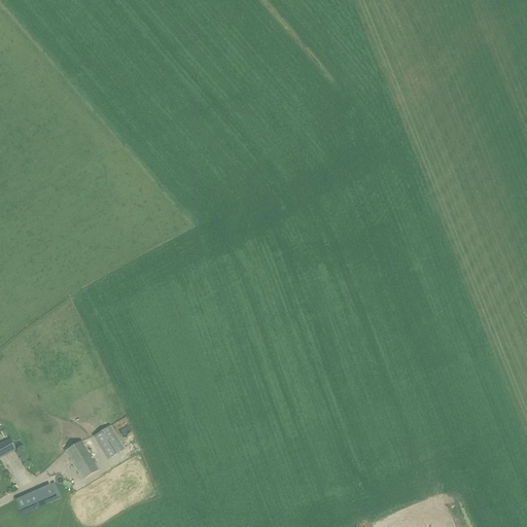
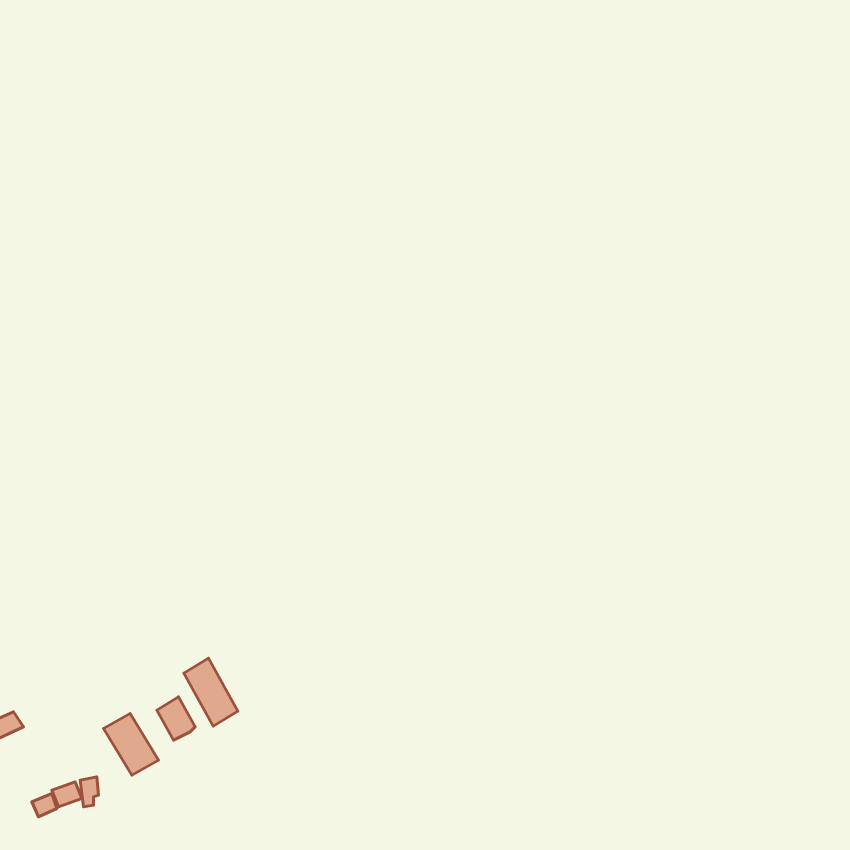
building: none -> [184,658,238,726]

